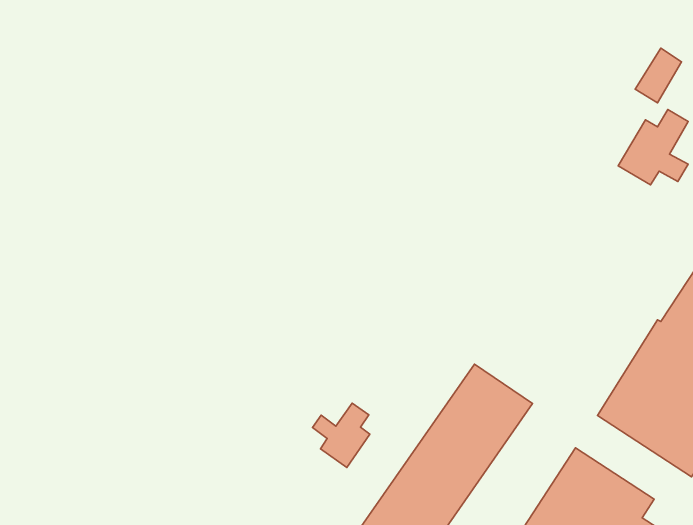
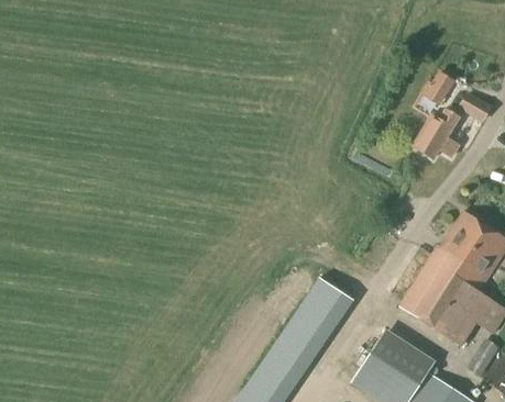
building: [312,403,370,467] -> none

